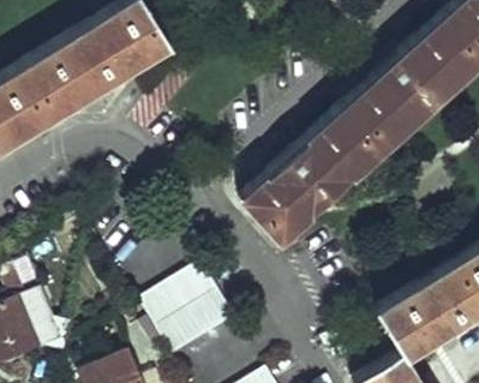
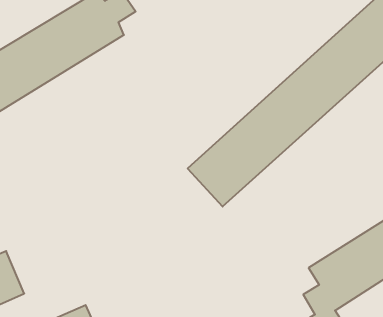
building: [143,267,236,359] -> none

